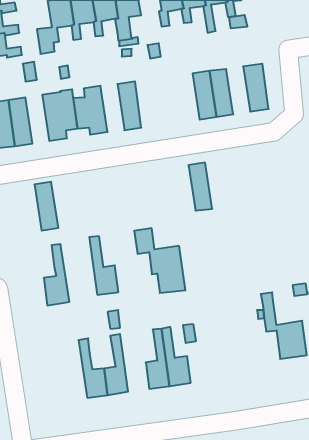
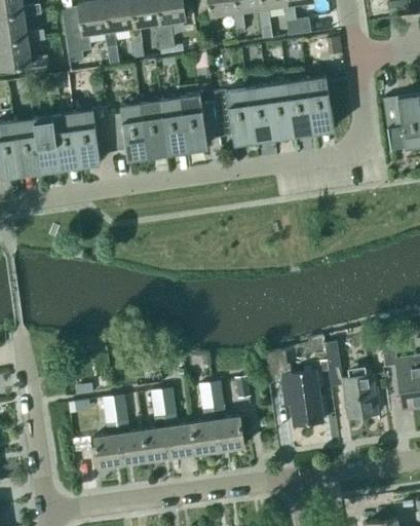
building: none -> [284,80,312,136]
building: none -> [179,95,219,151]
building: none -> [139,101,166,156]
building: [188,163,212,211] -> [226,88,254,144]
building: [34,182,58,231] -> [51,113,79,170]
building: [134,228,185,293] -> [264,350,323,425]
building: [89,236,118,295] -> [161,389,195,457]
building: [44,244,69,305] -> [93,398,123,468]

